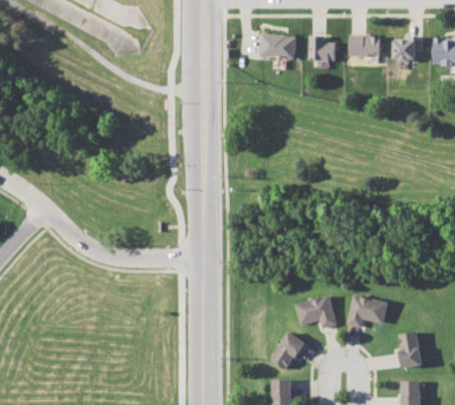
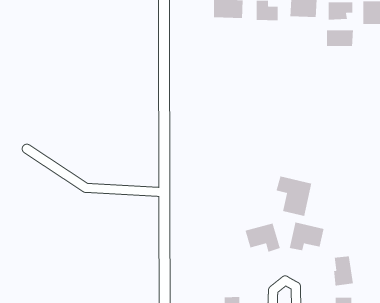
building: none -> [326,29,354,47]
building: none -> [276,175,312,217]
building: [270,330,307,369] -> none

